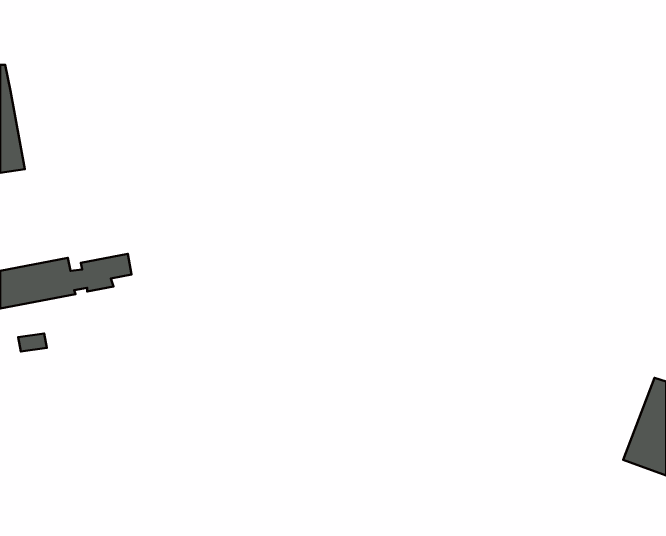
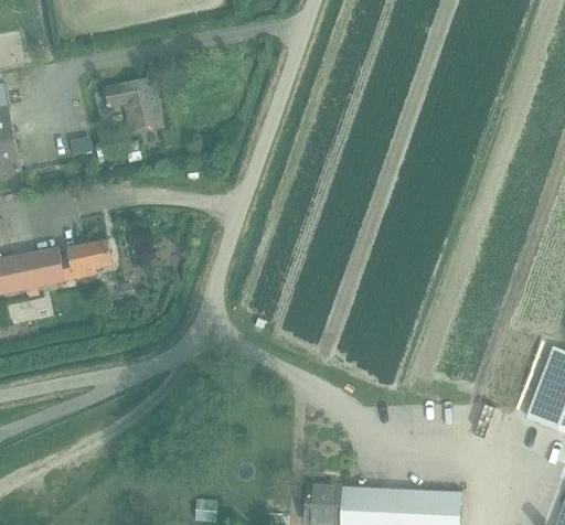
building: none -> [104,78,161,130]

